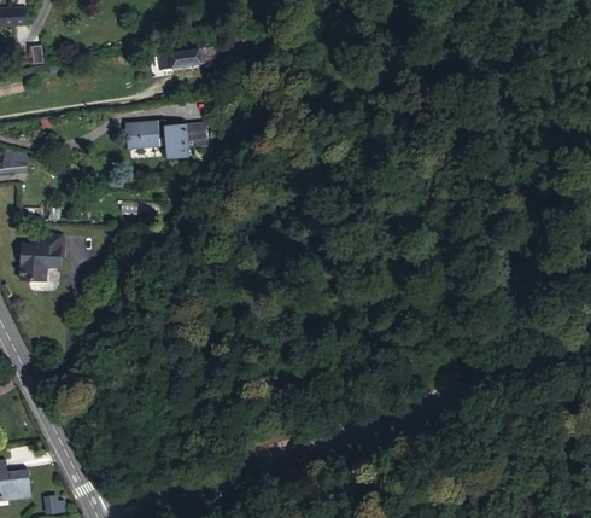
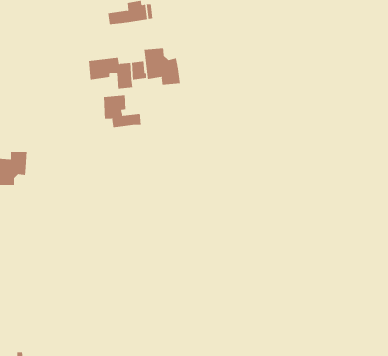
building: none -> [144,48,181,86]
building: none -> [103,94,141,128]

